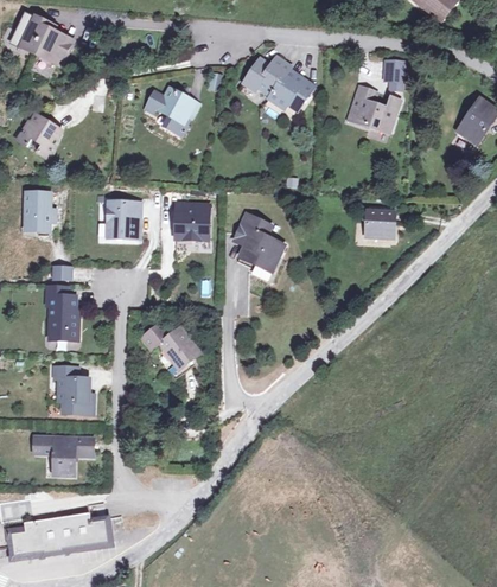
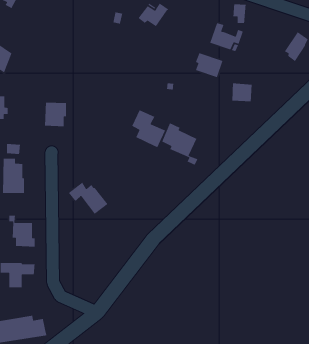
building: [269,69,311,107] -> none
building: [144,82,198,132] -> none
building: none -> [195,52,224,78]
building: [176,202,209,238] -> none
building: [364,209,395,237] -> [231,83,252,102]
building: none -> [161,122,198,166]

